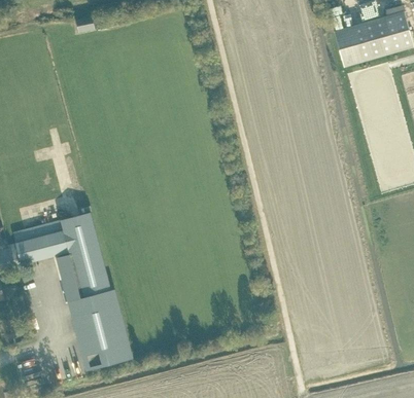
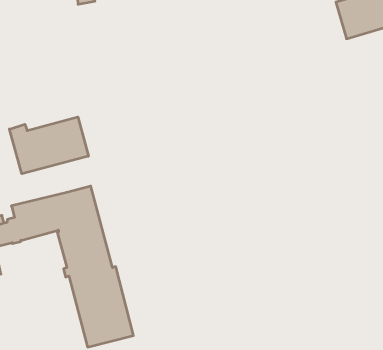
building: none -> [9,117,88,174]

